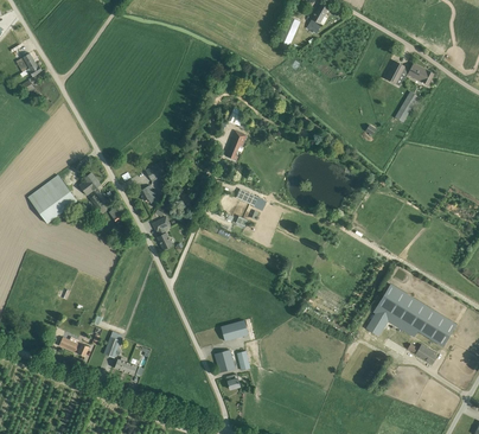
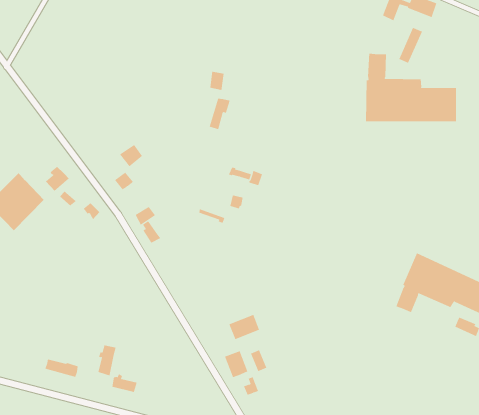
building: none -> [366,53,456,122]

